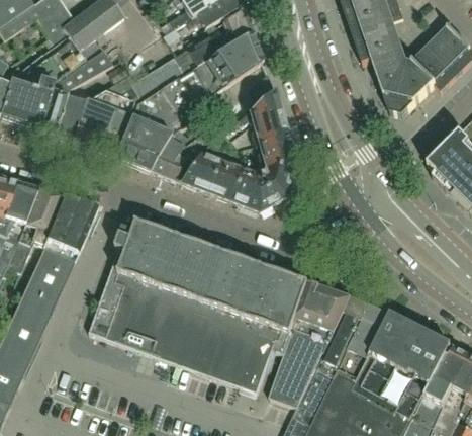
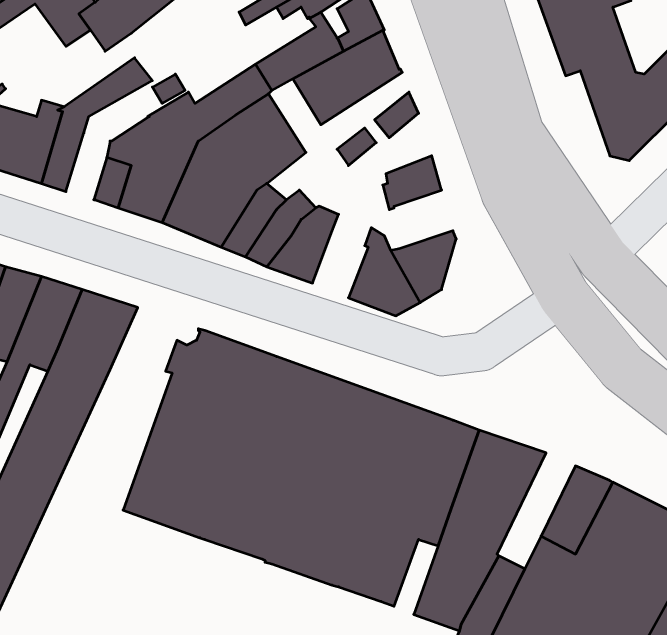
building: [238,89,281,125] -> none
building: [55,98,82,140] -> none
building: [257,134,294,170] -> none
building: [207,159,242,200] -> none
building: [321,296,370,368] -> none

